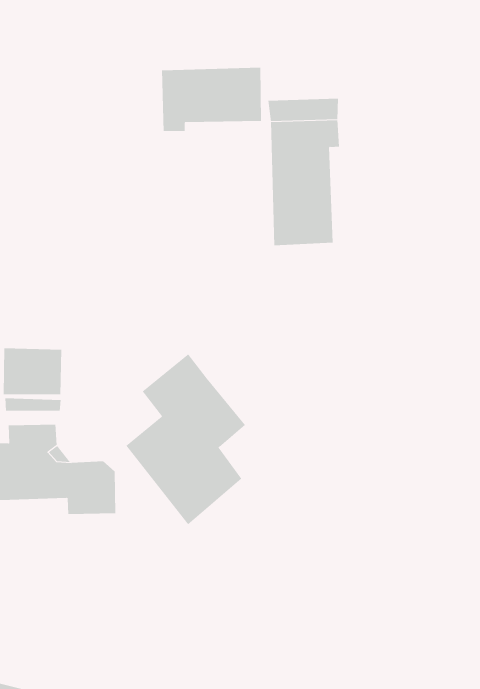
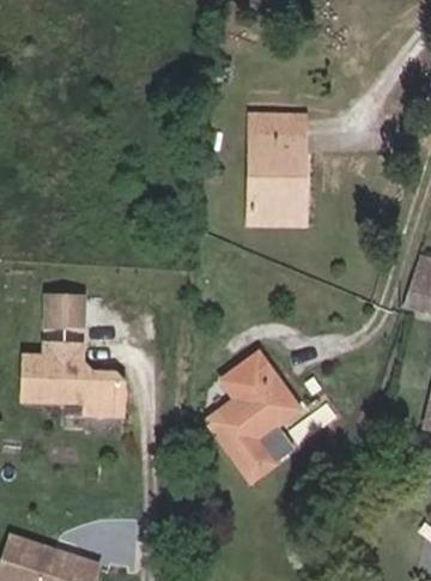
building: [162,67,261,132] -> none
building: [125,353,246,525] -> [207,356,297,483]

